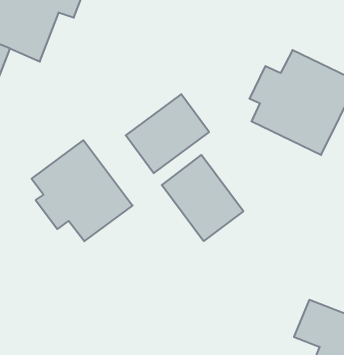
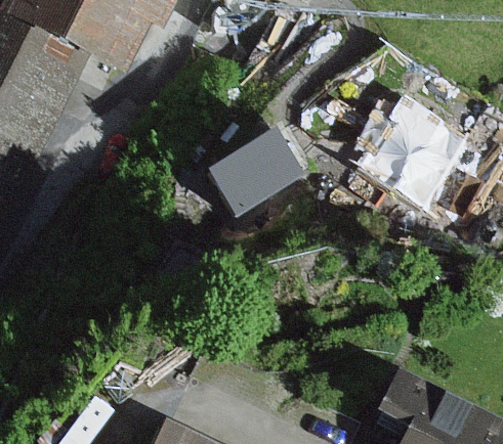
building: [32,140,133,241] -> none
building: [162,155,243,241] -> none

